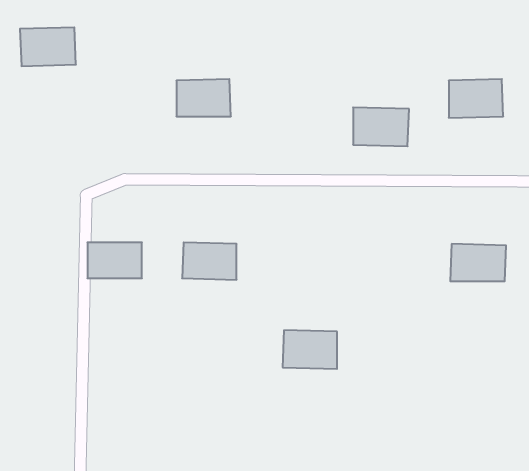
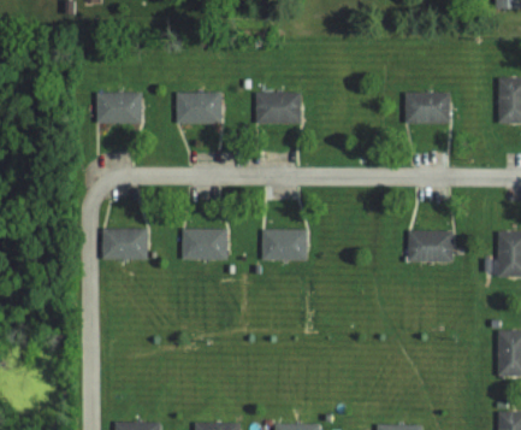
building: [20,27,76,66] -> [96,92,143,124]
building: [353,107,409,146] -> [255,92,302,124]
building: [283,330,337,369] -> [261,229,307,261]

